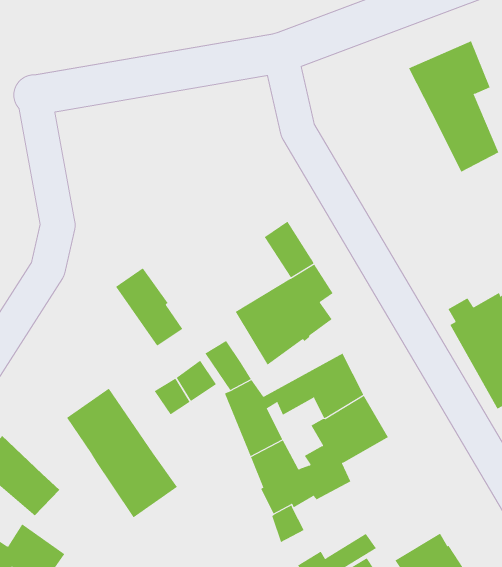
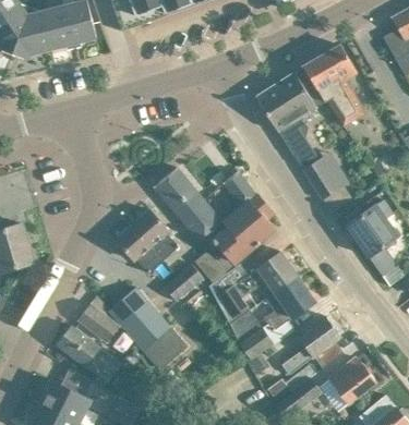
building: none -> [256,66,326,166]
building: none -> [154,167,221,241]
building: none -> [303,151,352,212]
building: none -> [117,224,164,271]
building: none -> [79,304,120,342]
building: none -> [282,316,344,374]

